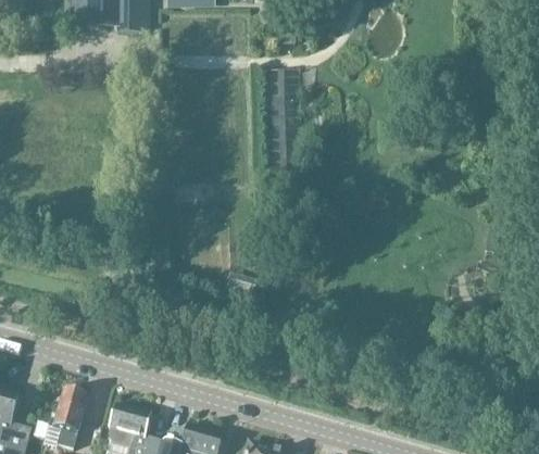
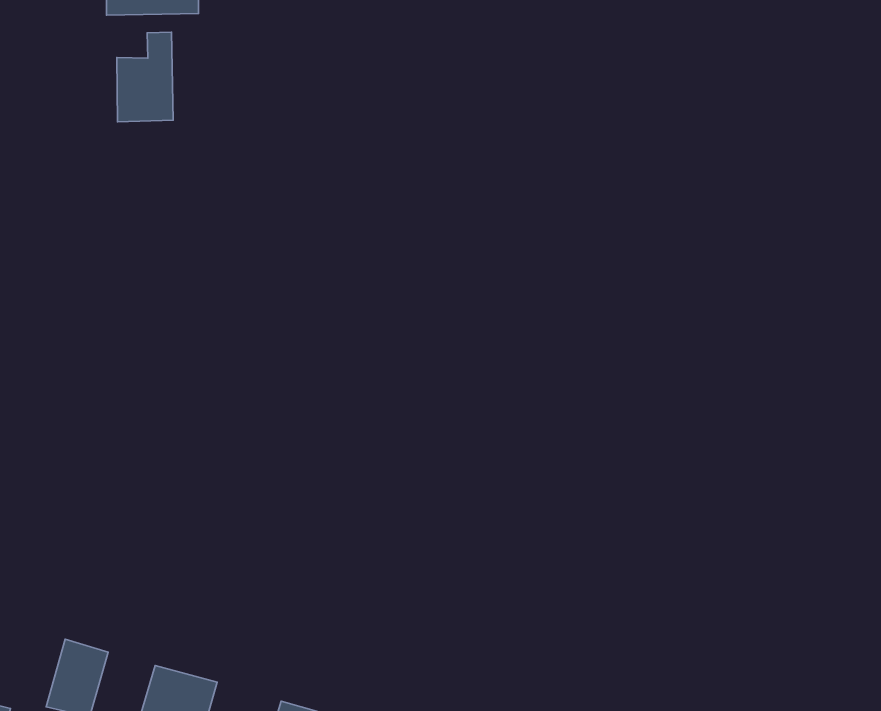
building: none -> [117,32,173,122]

